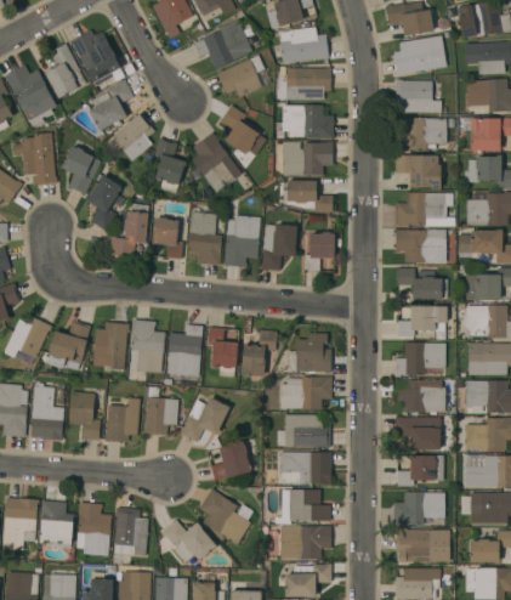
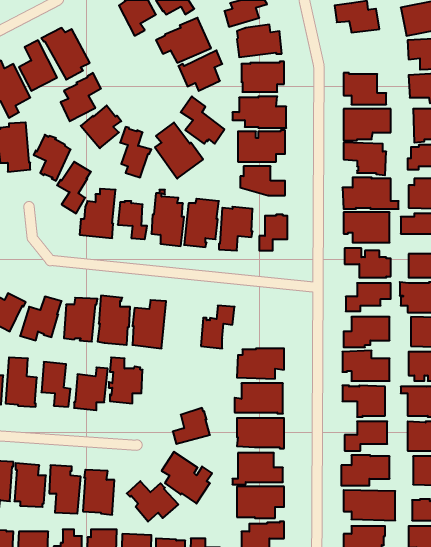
building: [392,35,445,77] -> none
building: [206,328,237,378] -> none
building: [286,333,330,373] -> none
building: [178,397,229,442] -> none

